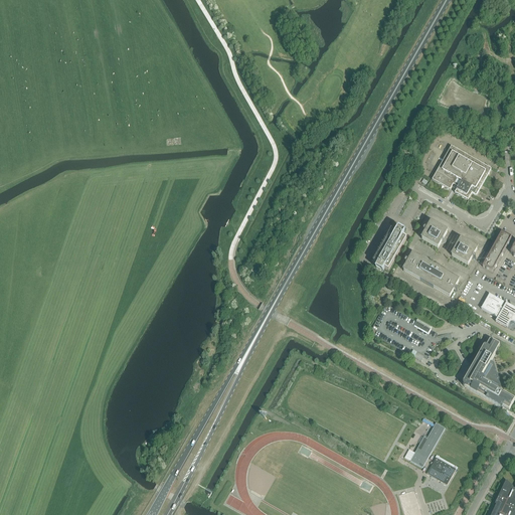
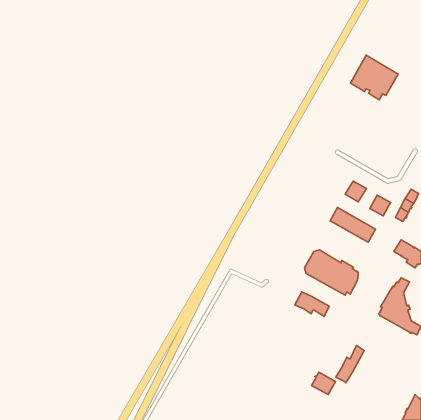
building: [432,144,490,198] -> [350,55,398,100]
building: [374,227,405,269] -> none
building: none -> [295,292,329,316]
building: [425,456,455,483] -> [312,372,335,395]

